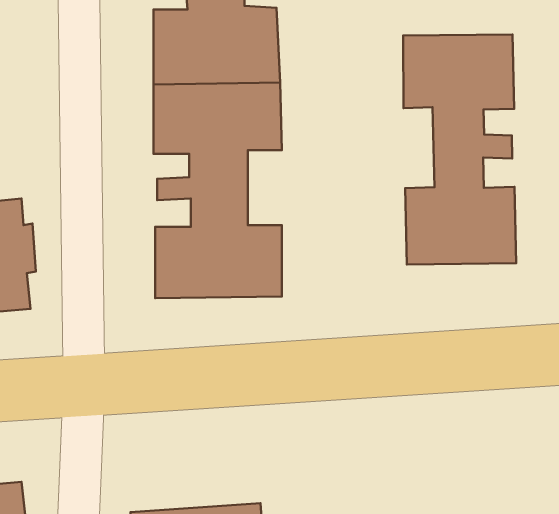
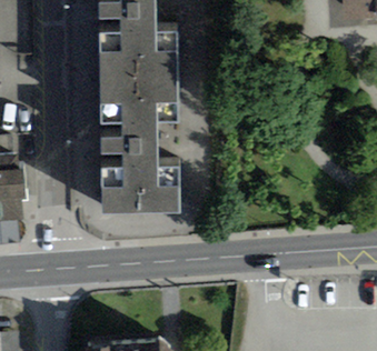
building: [403,34,516,264] -> none

